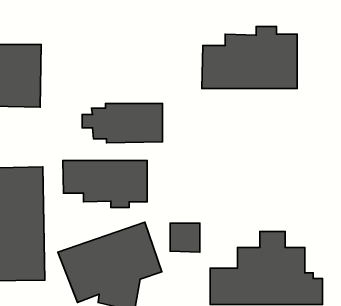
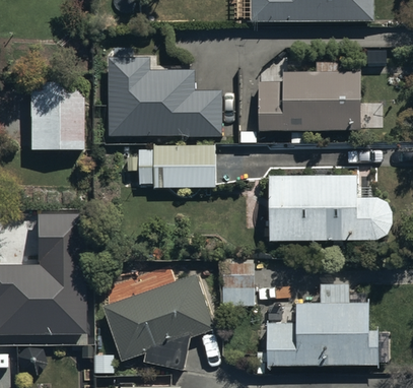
building: none -> [109,58,222,135]
building: none -> [270,175,392,240]
building: [63,161,147,207] -> none

